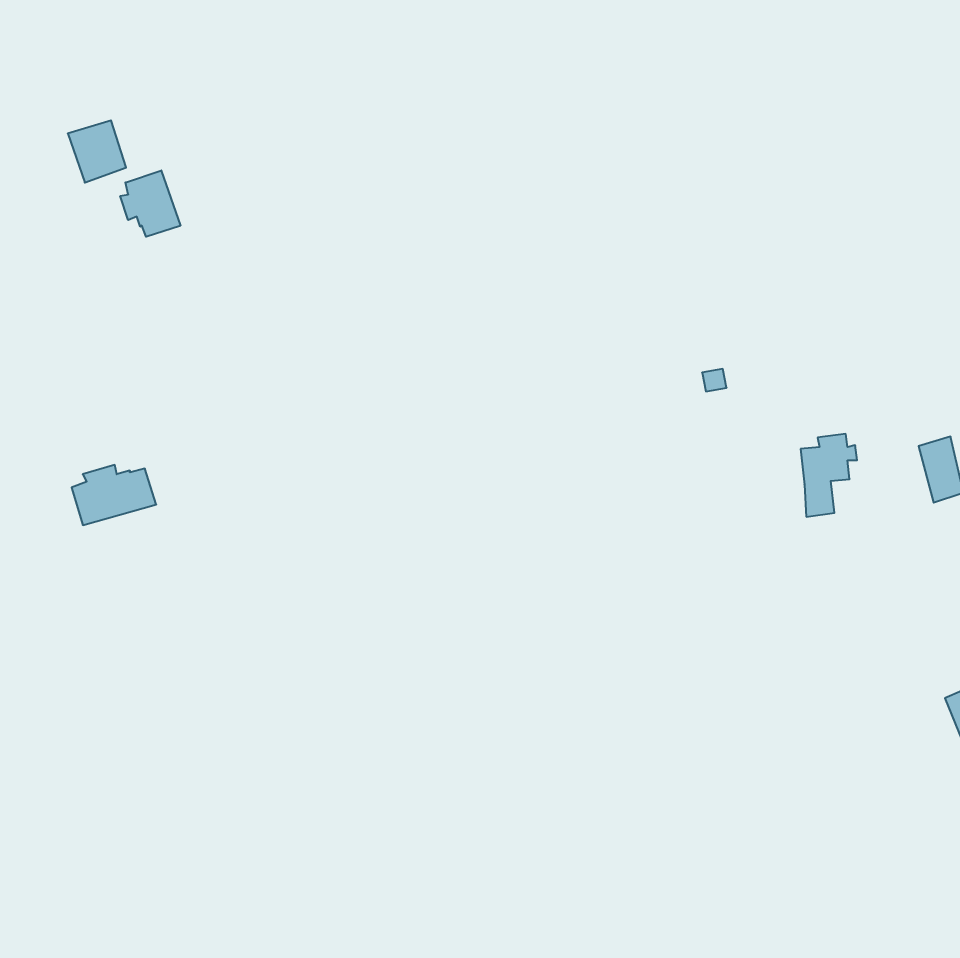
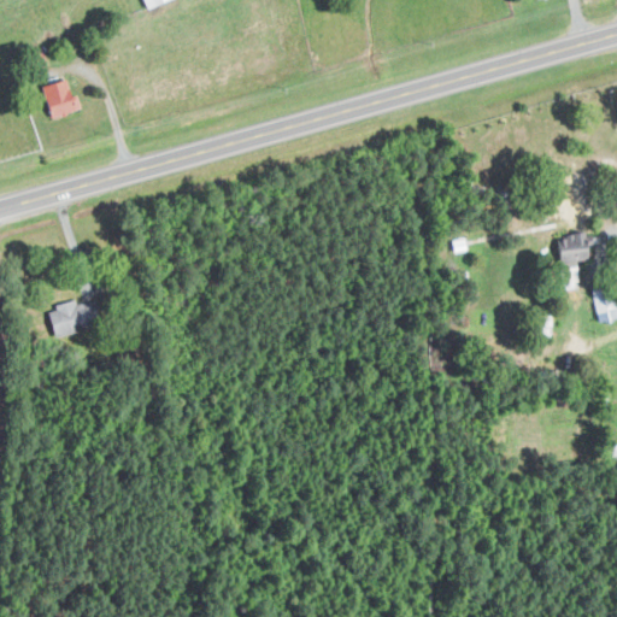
building: [120,170,180,237] -> none
building: [801,434,857,517] -> [557,231,593,284]

